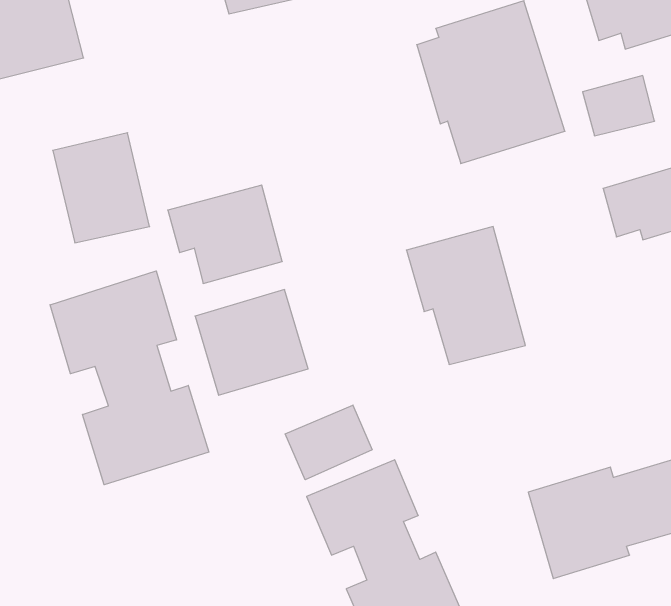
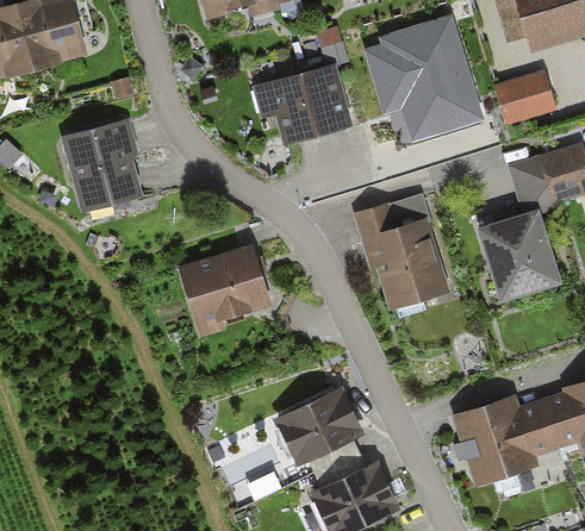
building: [168,185,282,283] -> [257,67,350,146]
building: none -> [479,213,556,302]
building: [50,271,209,485] -> none
building: [285,405,372,480] -> none

